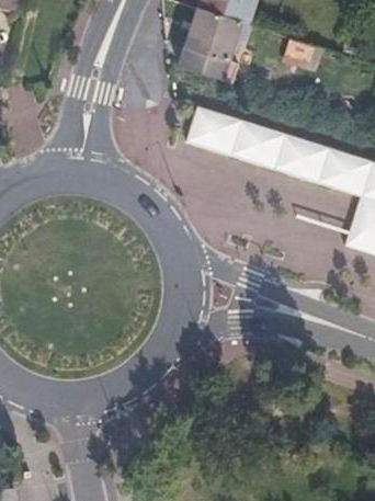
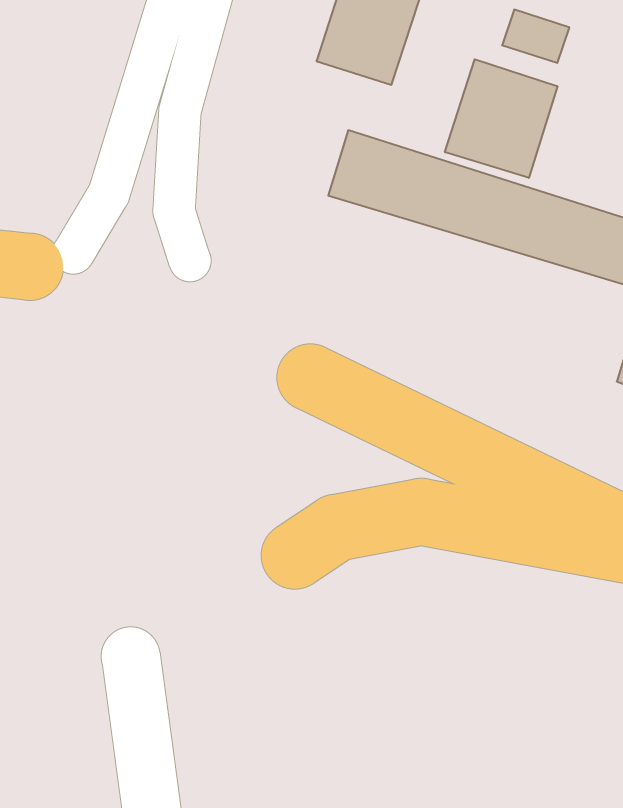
building: none -> [445,59,557,178]

